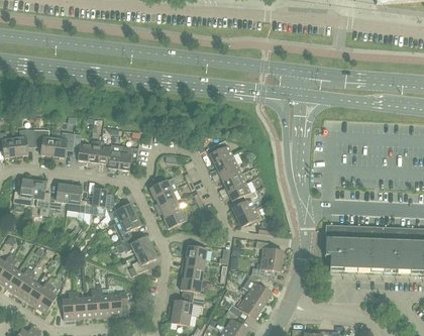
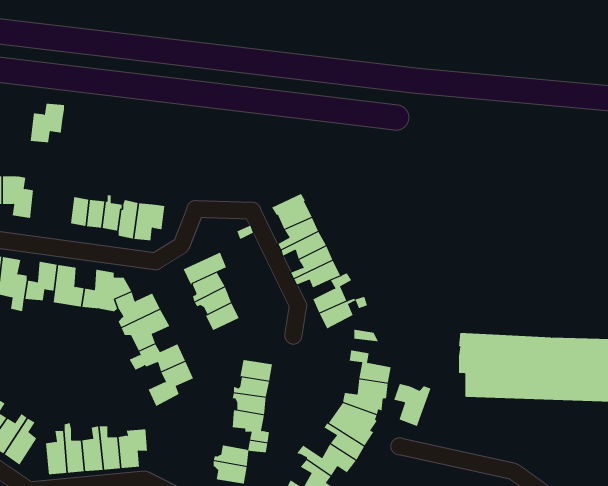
building: [52,131,75,156] -> [30,103,65,143]
building: none -> [394,383,431,427]

